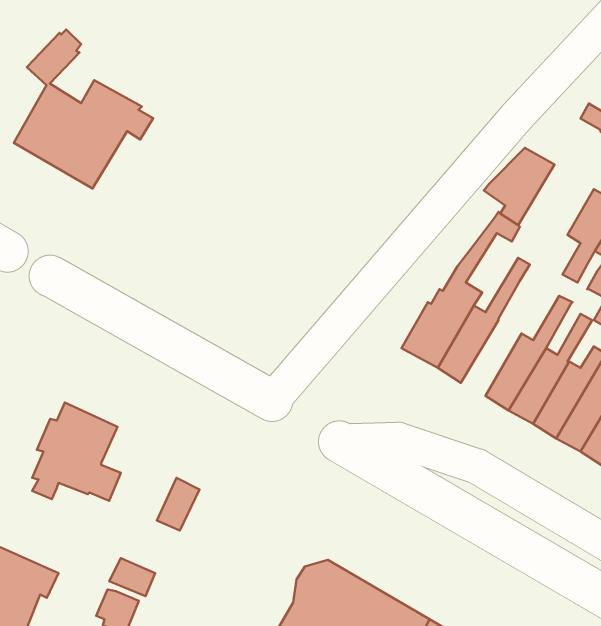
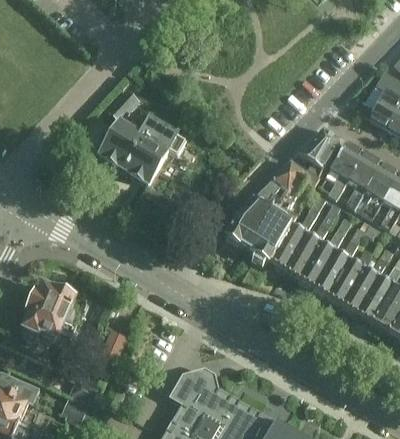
building: [14,29,153,189] -> [100,86,185,183]
building: none -> [328,141,365,199]
building: none -> [225,159,305,249]
building: none -> [284,202,341,278]

